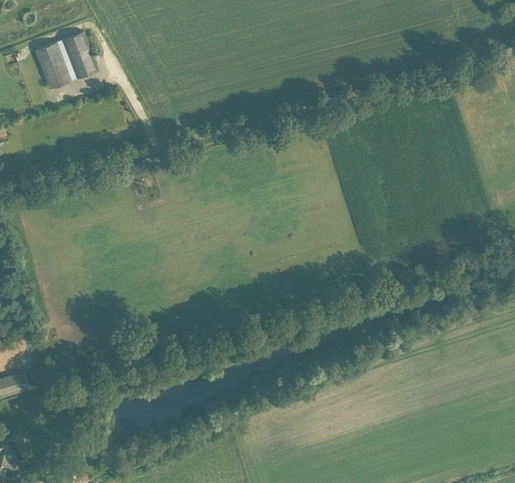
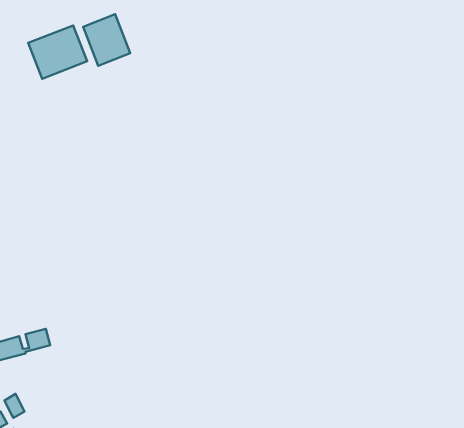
building: none -> [83,14,130,66]

